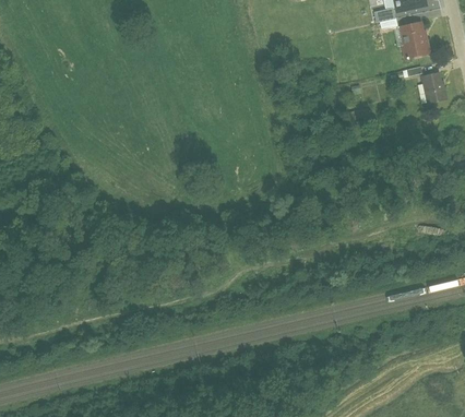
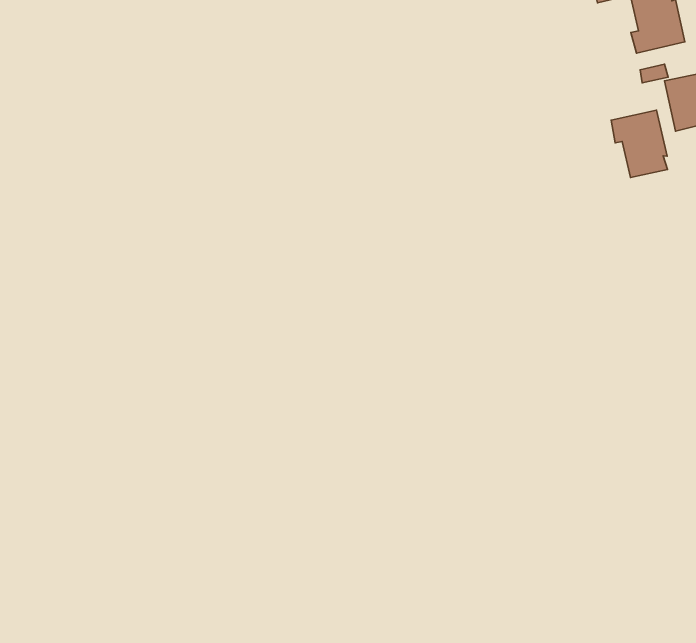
building: none -> [611,110,667,177]

